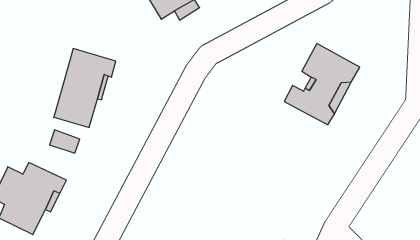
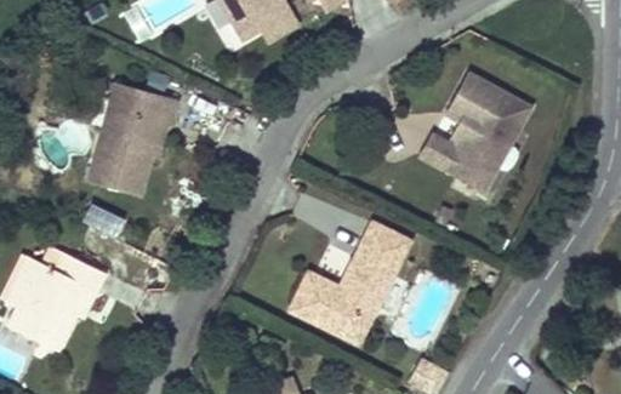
building: none -> [290,222,410,342]

